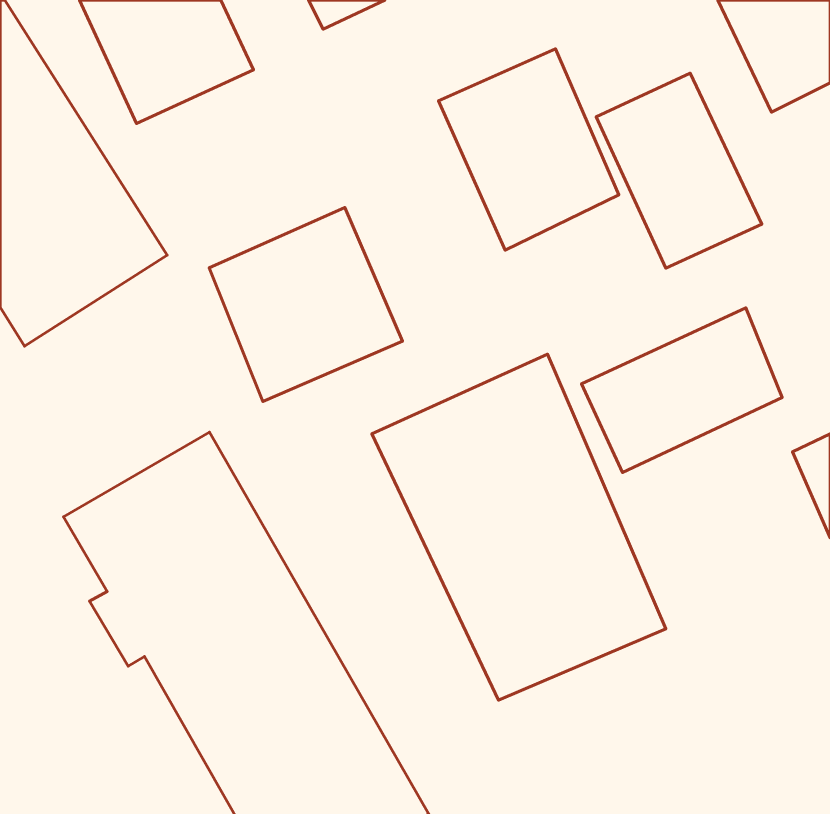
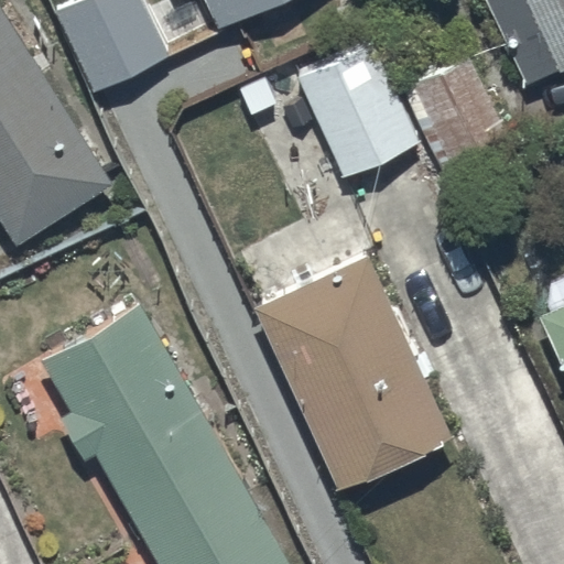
building: [209,207,403,402] -> none
building: [581,308,782,473] -> none

